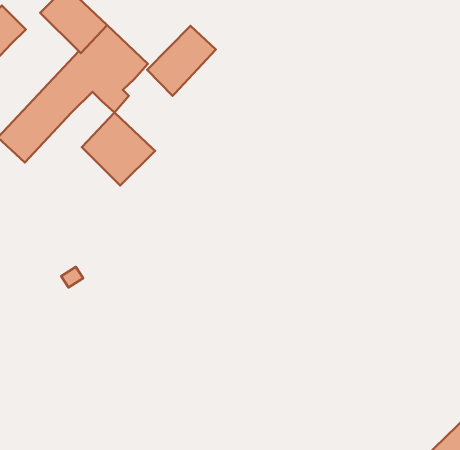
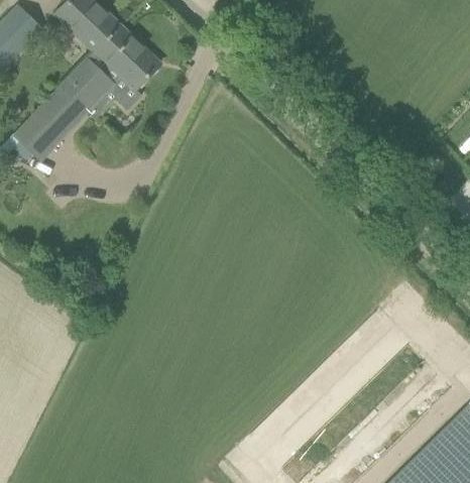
building: [147,26,216,96] -> none
building: [82,113,155,186] -> none

